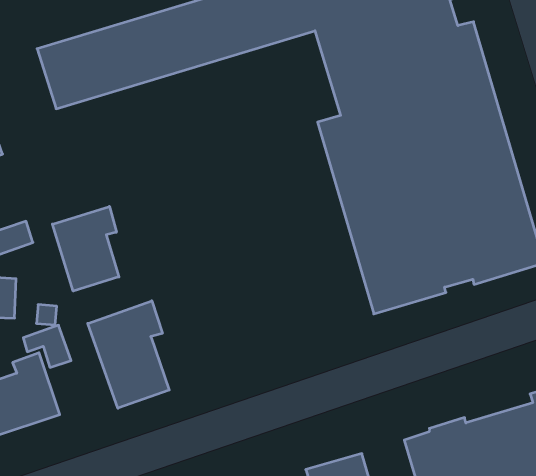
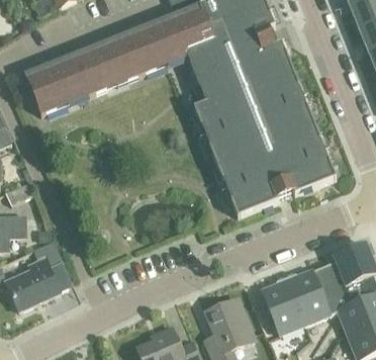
building: [52,206,119,291] -> none
building: [88,301,169,408] -> none

